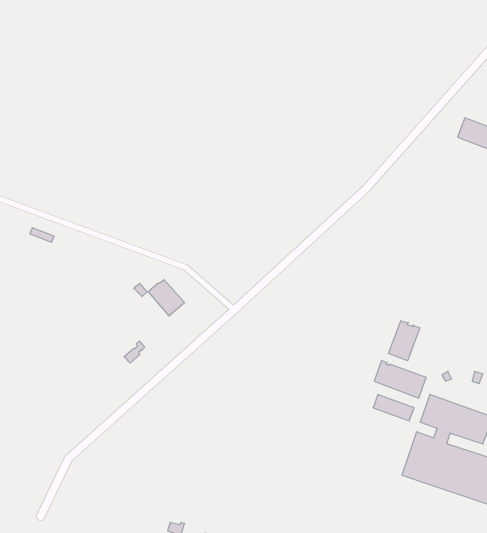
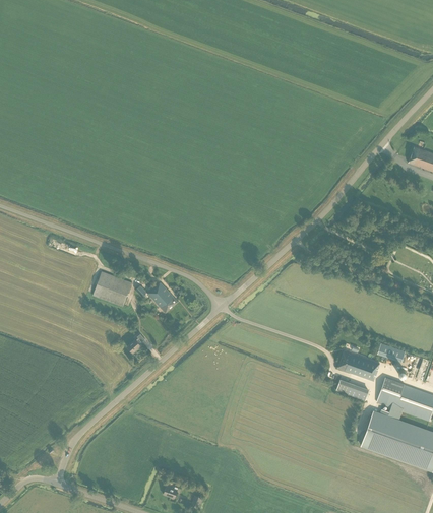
building: none -> [91,270,130,306]
building: [388,321,420,361] -> none

